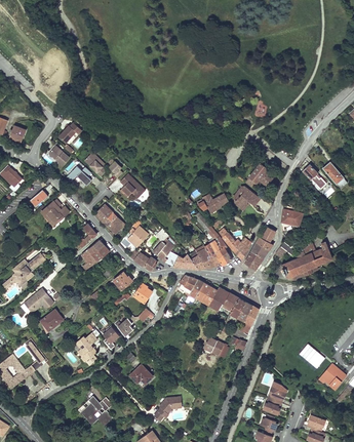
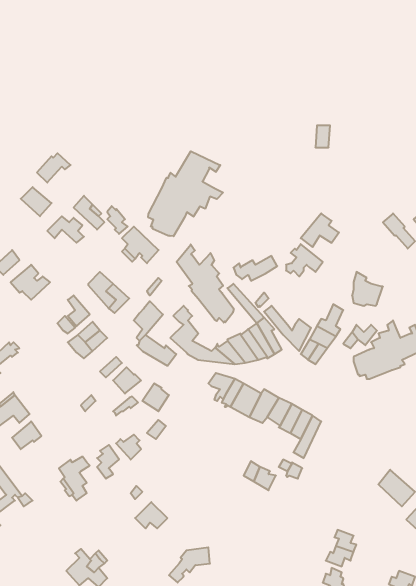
building: none -> [148,151,223,236]
building: none -> [177,244,234,323]

